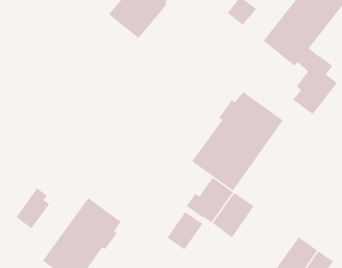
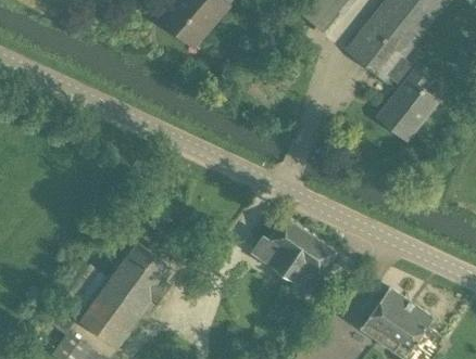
building: [191,91,284,191] -> none
building: [16,187,50,229] -> none
building: [167,211,203,250] -> none

